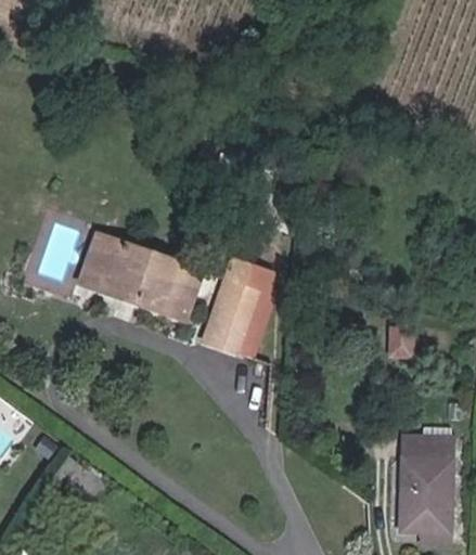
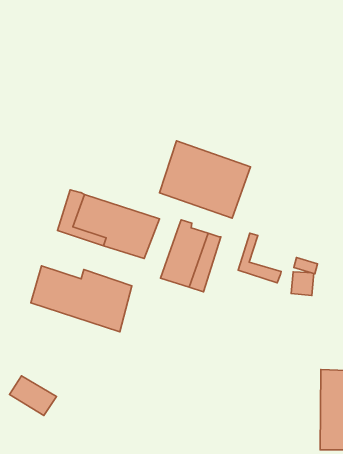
building: none -> [160,141,251,218]
building: none -> [238,233,281,283]
building: none -> [31,266,132,332]

